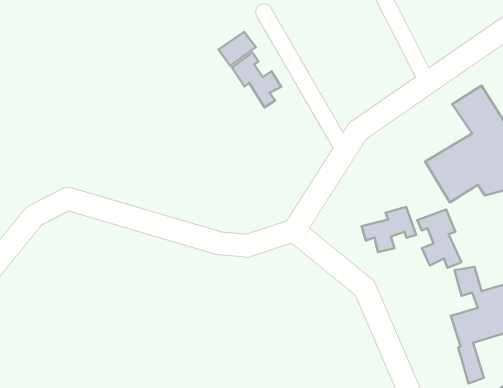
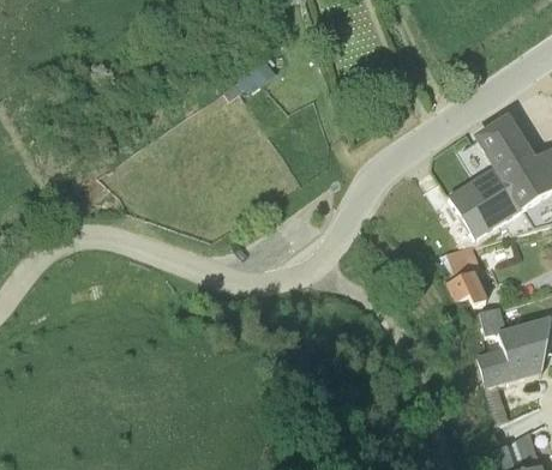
building: [232,52,281,107] -> none
building: [362,207,416,252] -> none

